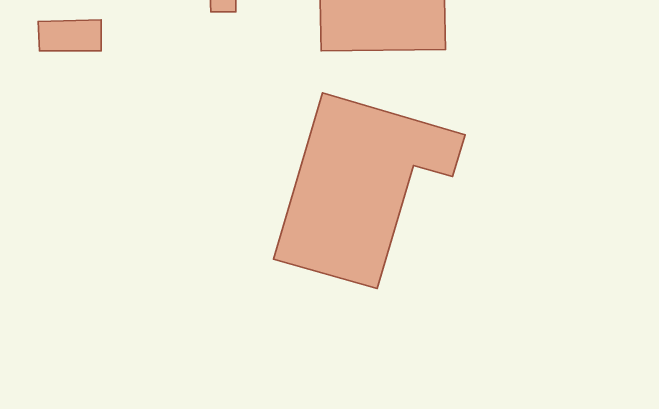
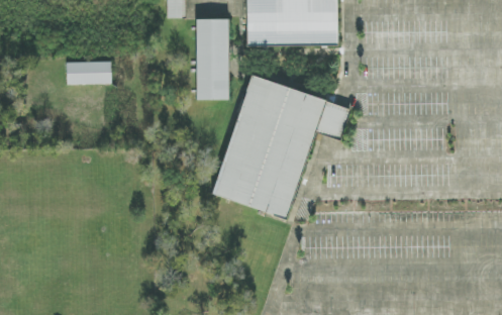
building: none -> [196,18,229,99]
building: [38,20,101,51] -> [66,61,111,83]

